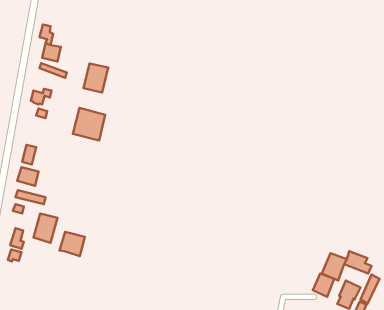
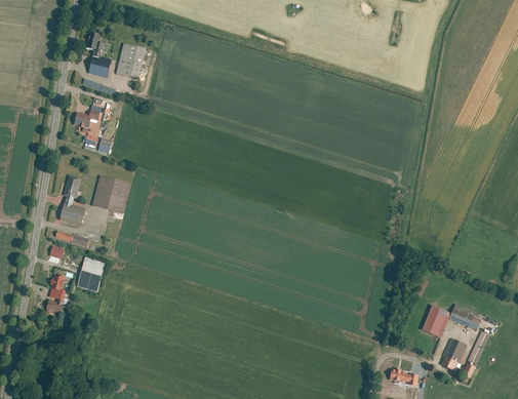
building: [83,63,108,93] -> [116,43,146,78]
building: [73,108,105,141] -> [90,174,129,213]
building: [59,232,85,256] -> none
building: [313,274,334,297] -> none

